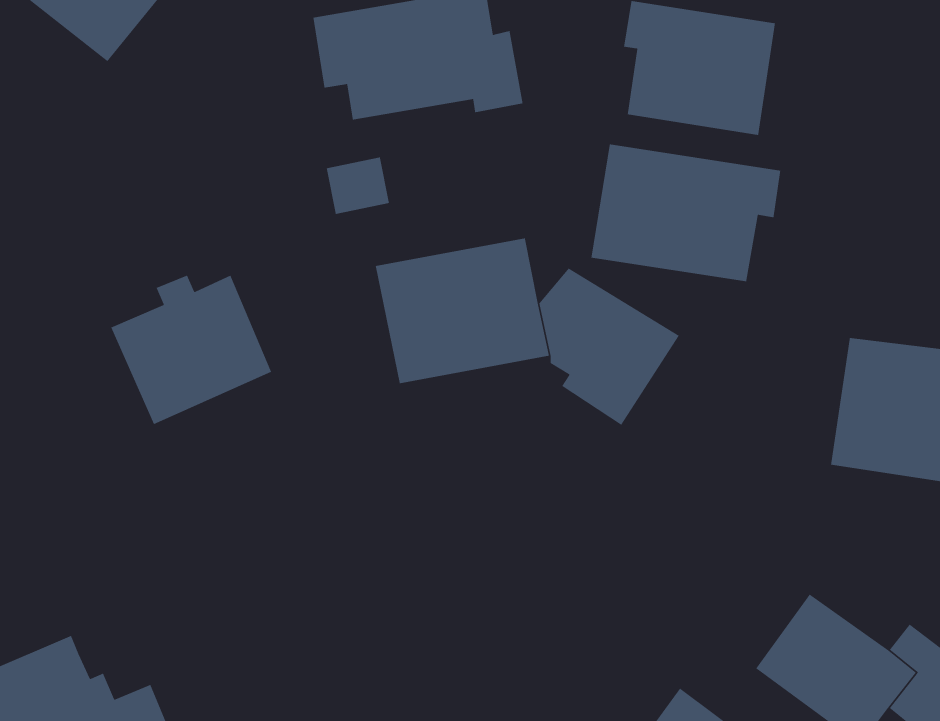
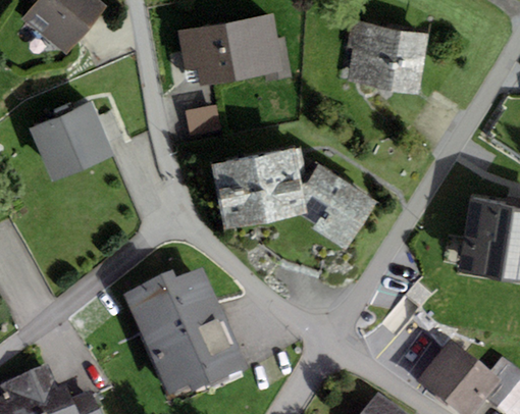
building: [590,143,781,282] -> none
building: [110,274,272,425] -> [29,101,116,183]
building: none -> [123,267,247,394]

